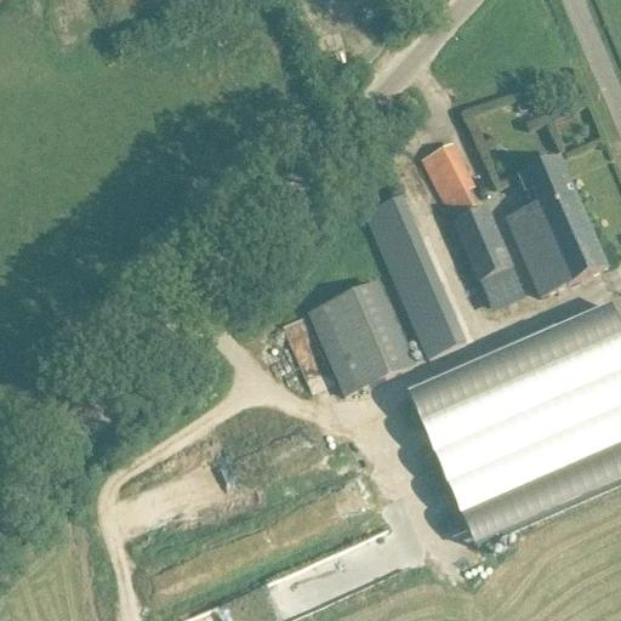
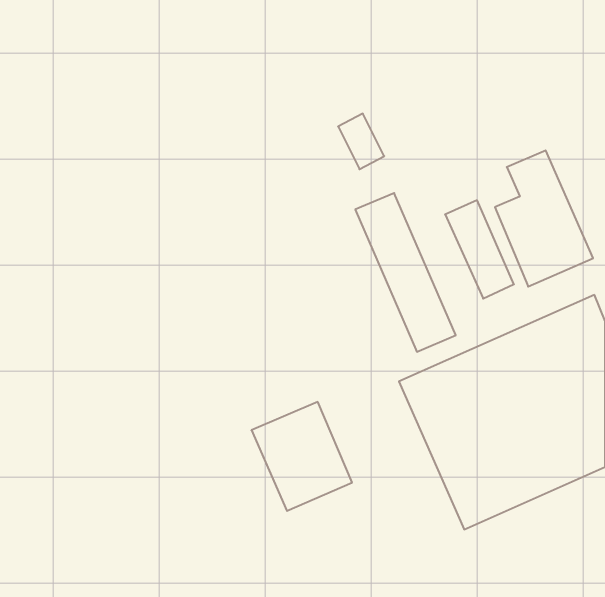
building: [425,141,472,198] -> [338,114,384,169]
building: [309,280,412,392] -> [251,402,352,511]

